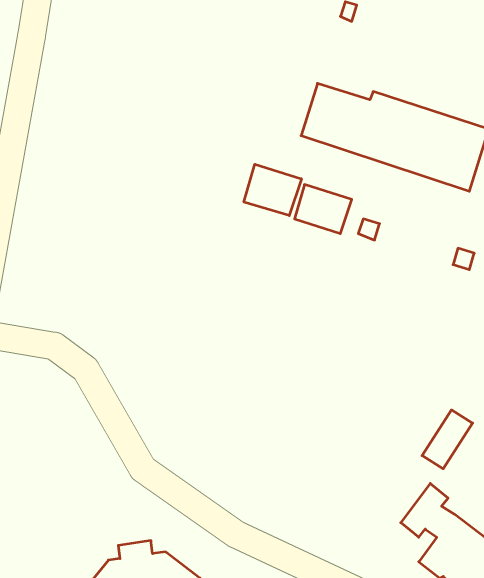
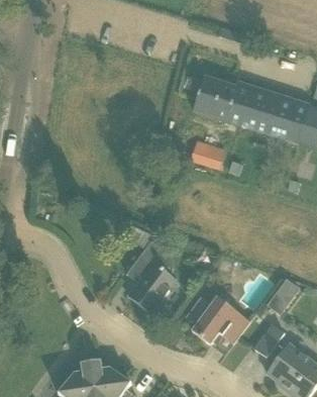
building: [244,164,301,216] -> none
building: none -> [127,240,176,313]
building: none -> [185,296,249,344]

